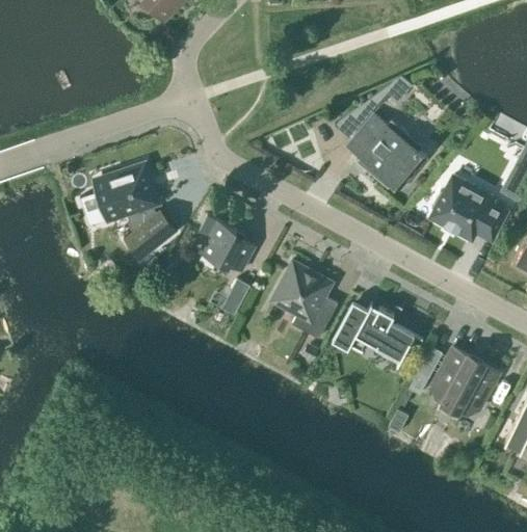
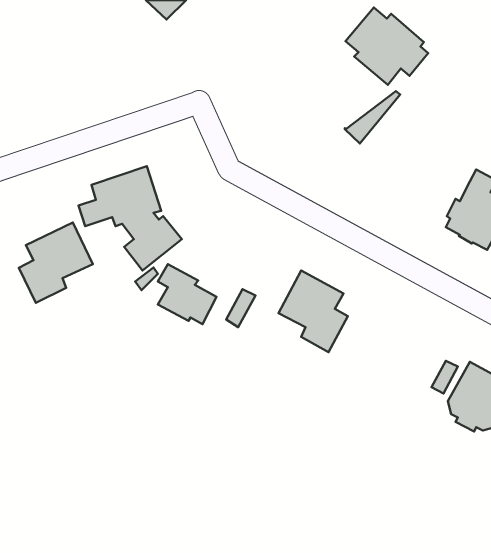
building: [347,114,426,188] -> [345,7,428,85]
building: none -> [19,223,93,303]
building: [199,215,255,272] -> [158,264,217,324]
building: [332,303,422,365] -> none

